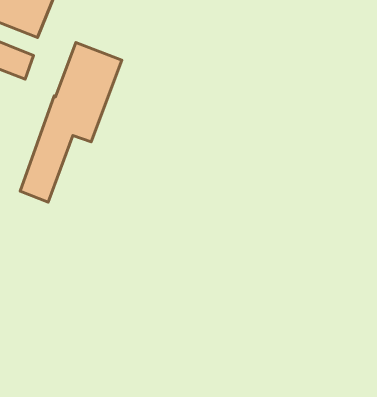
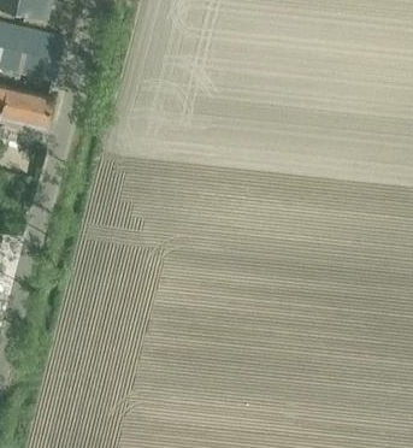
building: [20,43,122,202] -> none

